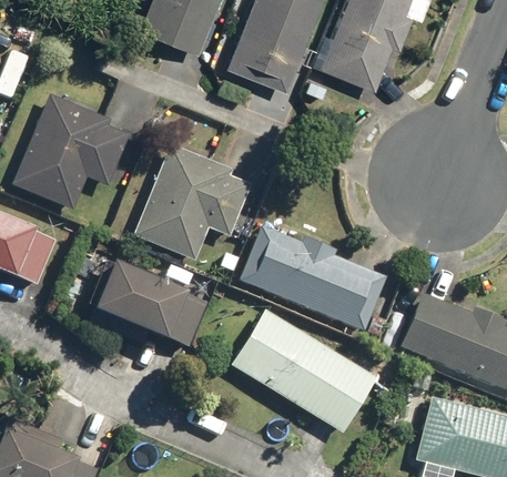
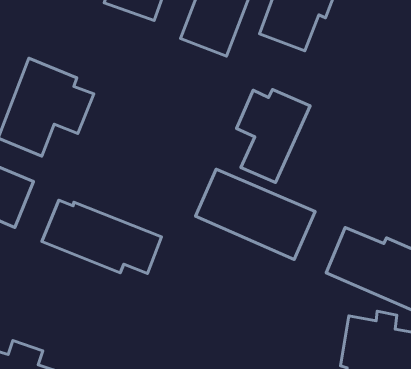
building: none -> [236,90,310,183]
building: [138,142,250,257] -> none
building: [231,307,379,436] -> none

